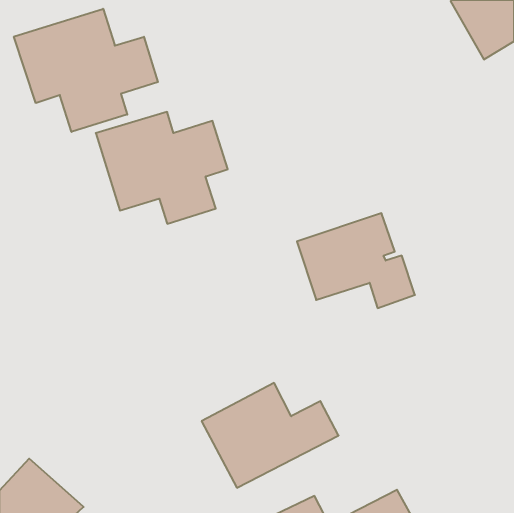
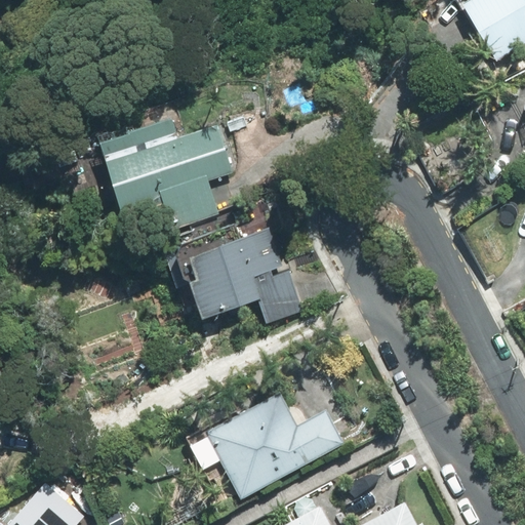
building: [14,9,158,132] -> none
building: [297,213,415,308] -> [183,229,302,325]

